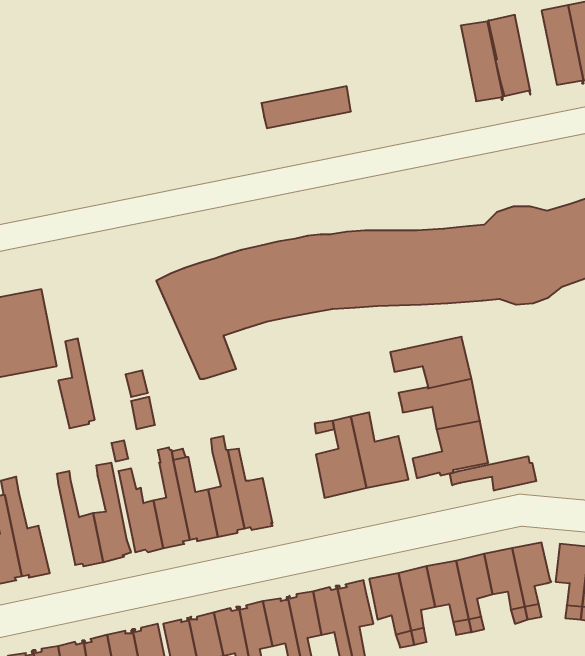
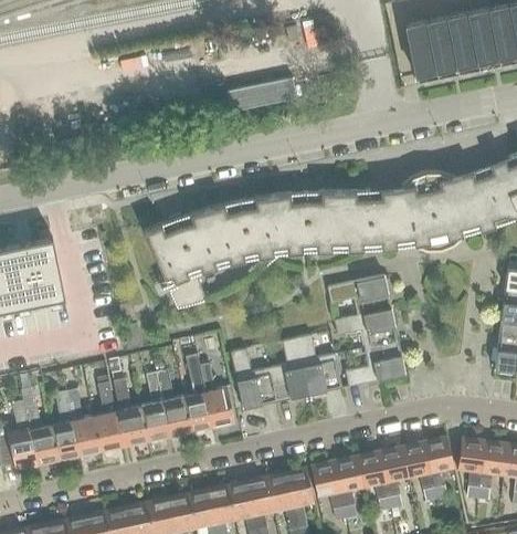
building: [461,21,503,101] -> [426,18,460,81]
building: [58,339,95,428] -> [51,391,80,462]
building: none -> [231,348,276,409]
building: [450,456,536,491] -> none

